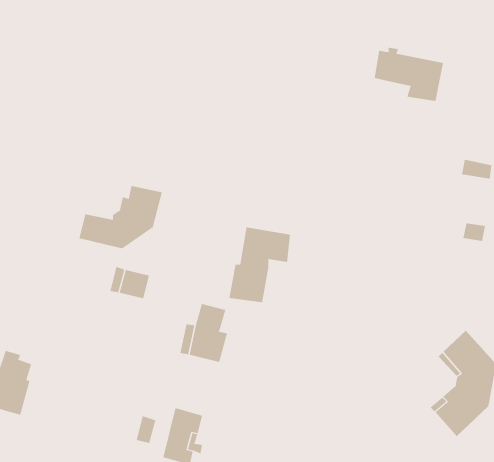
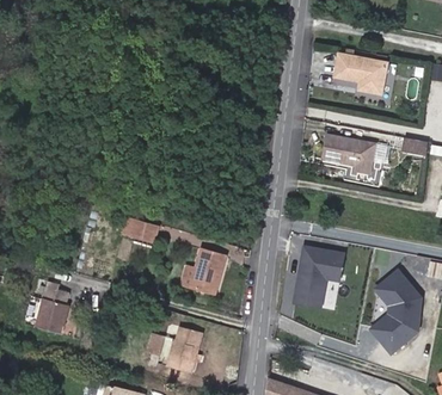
building: none -> [319,135,373,174]
building: [79,185,162,249] -> none
building: [229,227,291,303] -> [293,246,340,304]

